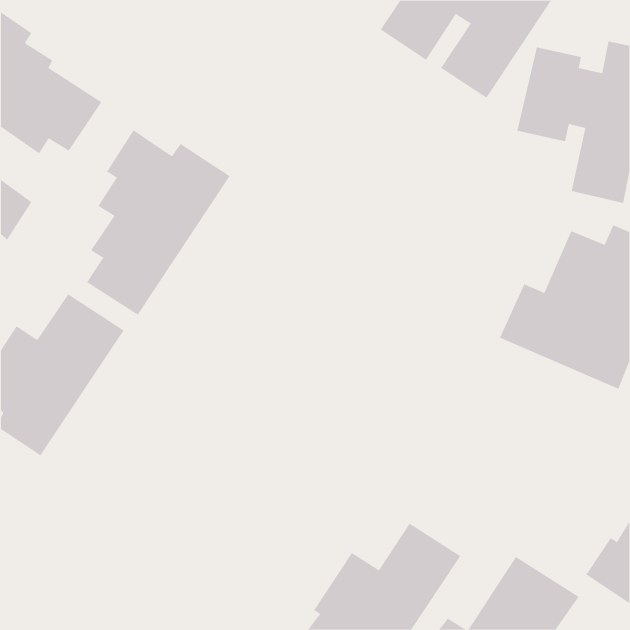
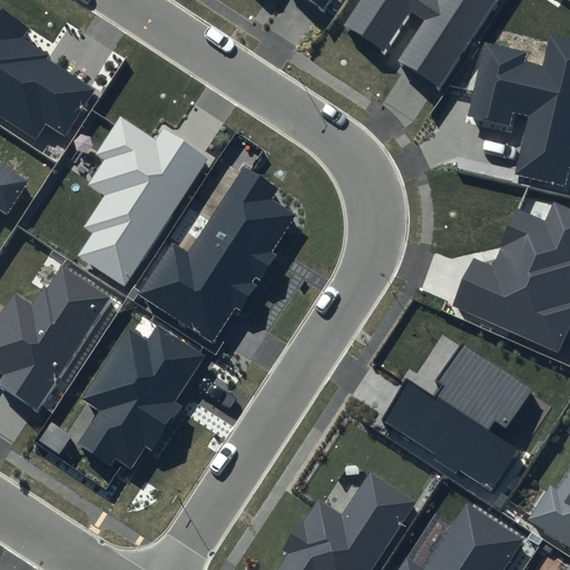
building: none -> [137,166,295,343]
building: none -> [75,324,206,468]
building: none -> [382,345,532,490]

